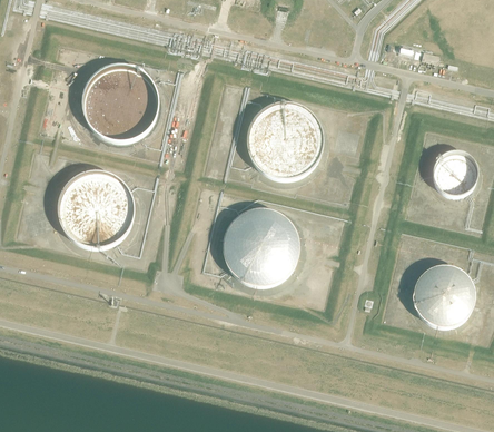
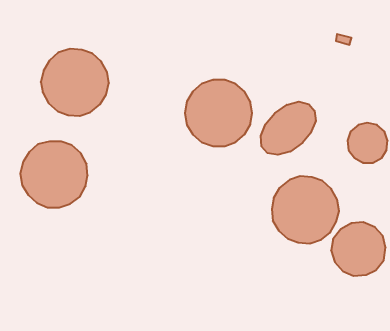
building: none -> [261,102,316,155]
building: [223,208,299,285] -> [272,176,339,243]

